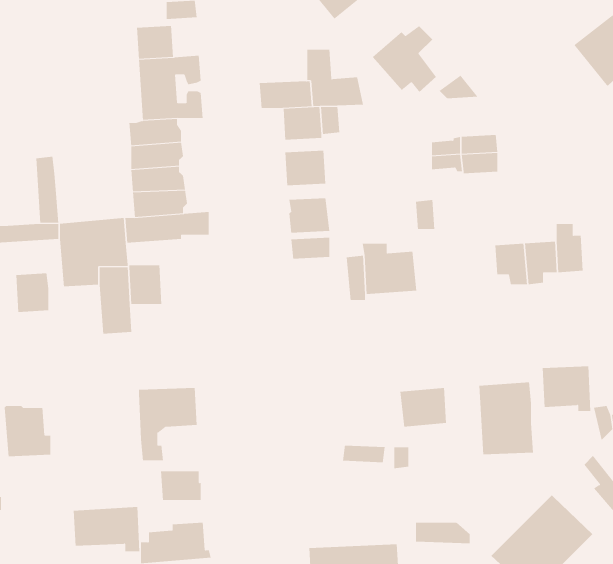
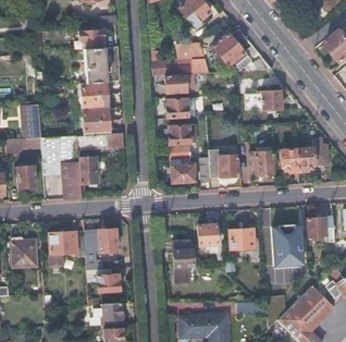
building: none -> [248,151,272,174]
building: none -> [169,163,194,183]
building: none -> [197,224,223,246]
building: none -> [171,241,193,282]
building: [73,506,140,552] -> [48,232,85,257]

